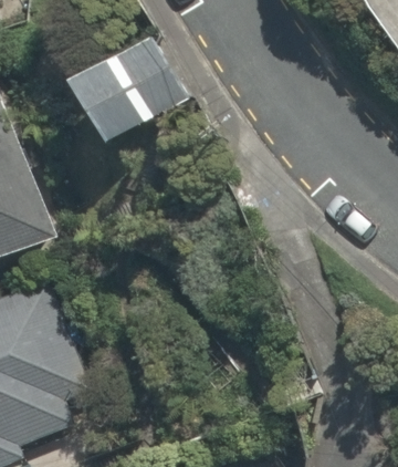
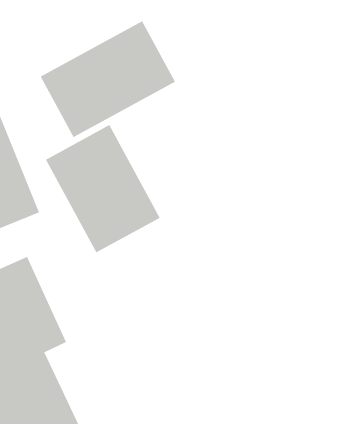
building: none -> [45,124,161,253]

